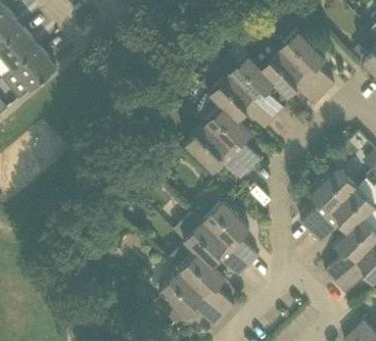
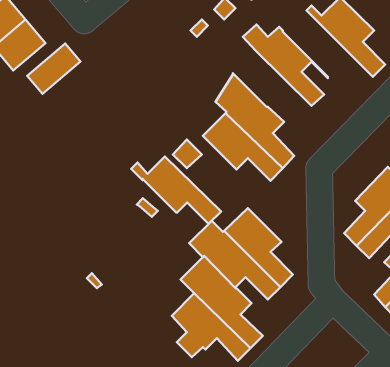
building: [250,39,324,103] -> none
building: none -> [27,44,81,94]
building: [200,72,274,128] -> [131,156,221,224]

